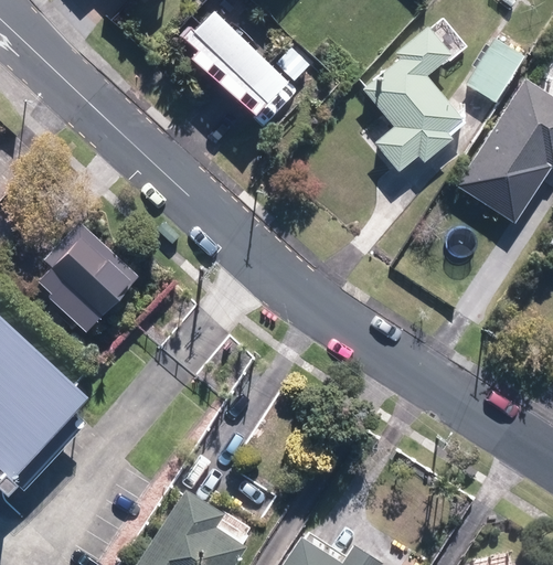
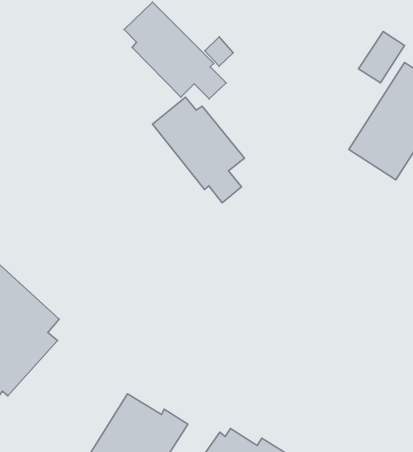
building: [361,19,470,173] -> none
building: none -> [153,97,245,203]
building: [31,223,138,333] -> none

